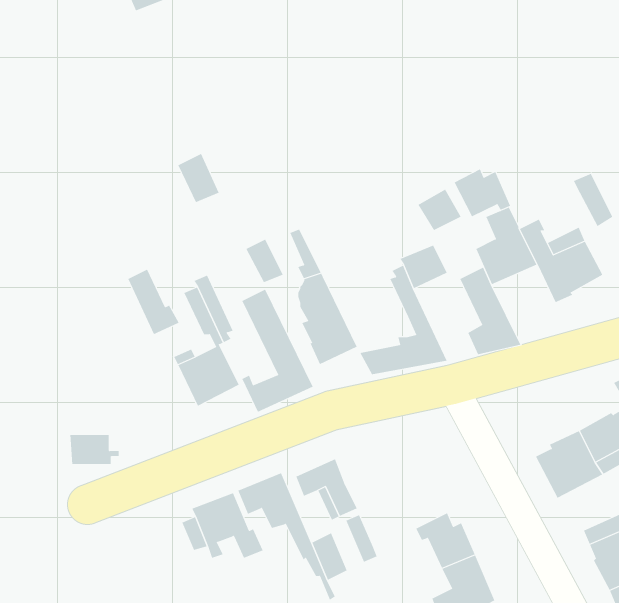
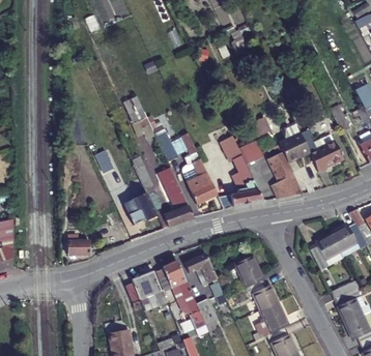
building: [454,169,511,217] -> none
building: none -> [236,257,263,288]

